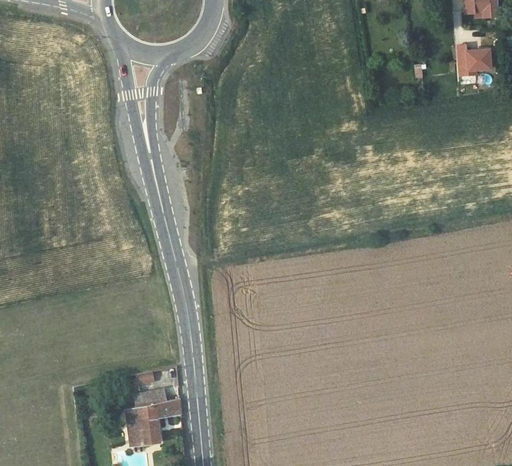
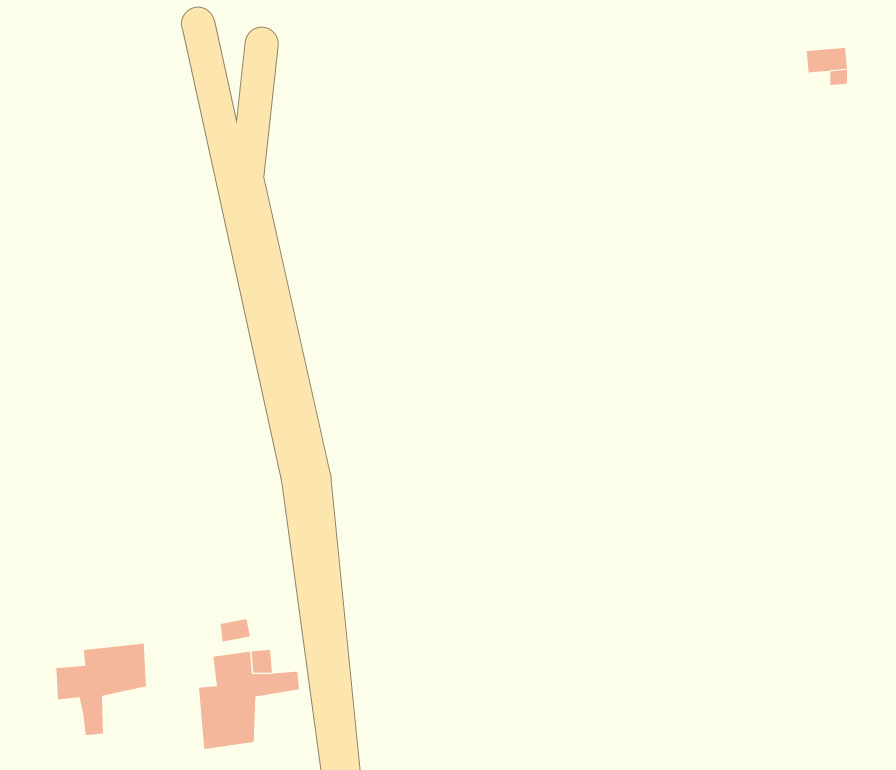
building: none -> [56,643,146,736]

